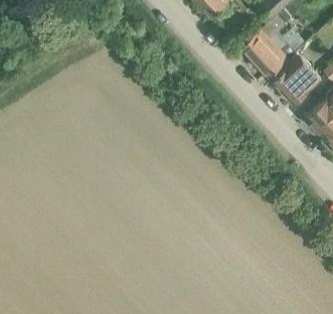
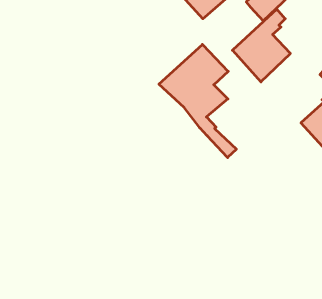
building: none -> [159,44,236,158]
building: [272,57,321,106] -> none

